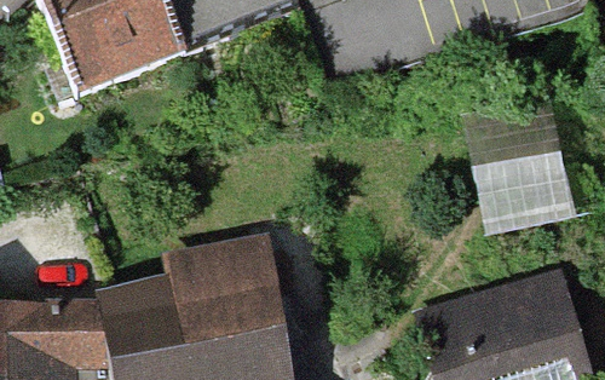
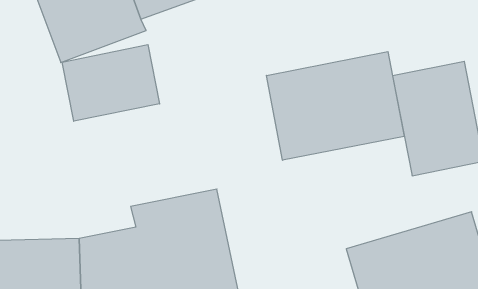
building: none -> [62,45,160,121]
building: none -> [266,52,404,160]

